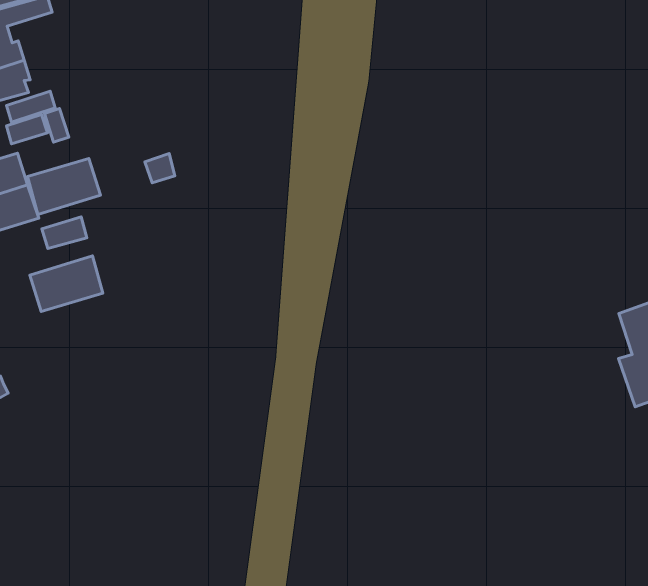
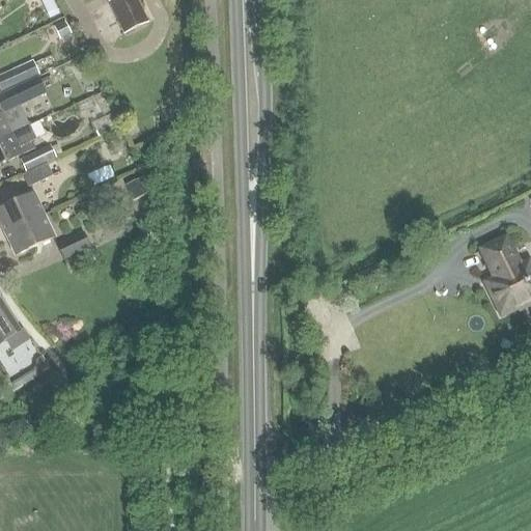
building: [27,158,100,215] -> none
building: [30,256,103,311] -> none

